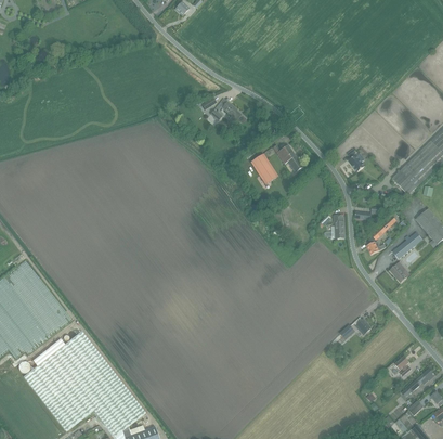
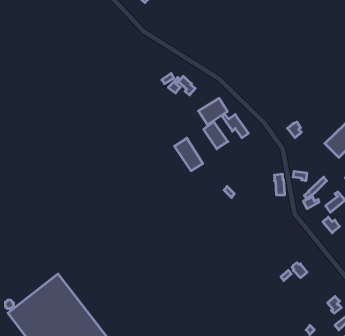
building: none -> [198,98,227,125]
building: none -> [175,138,203,171]

